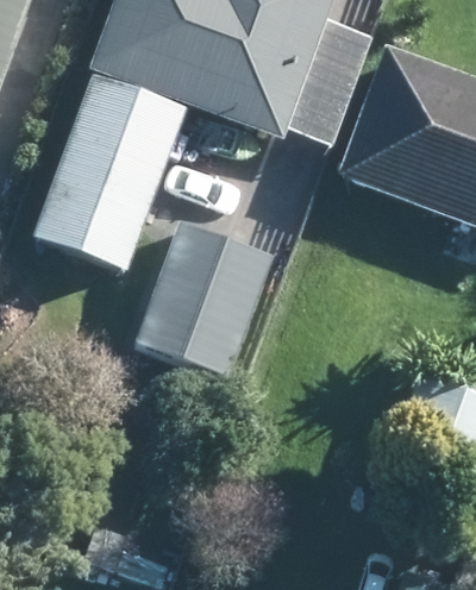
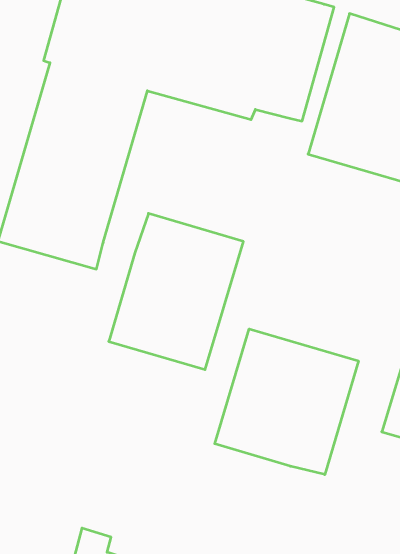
building: none -> [215,329,358,475]

